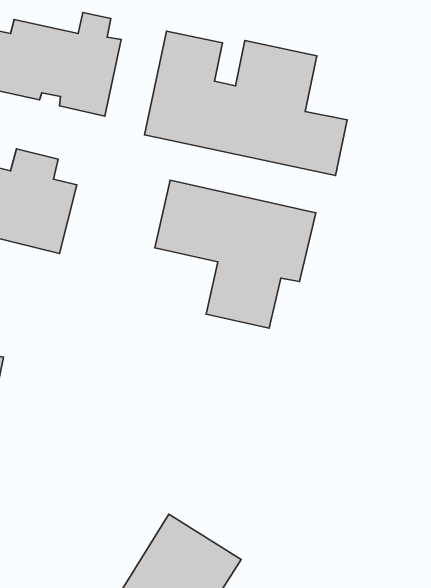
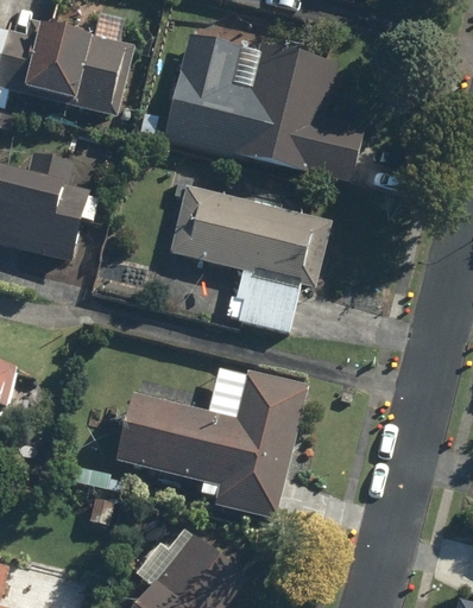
building: none -> [118,366,310,526]

